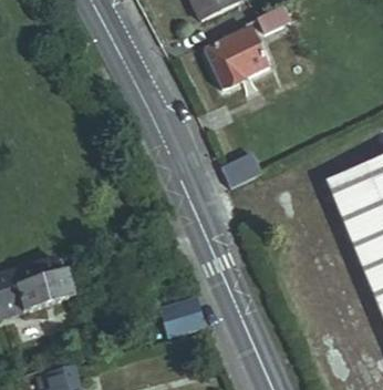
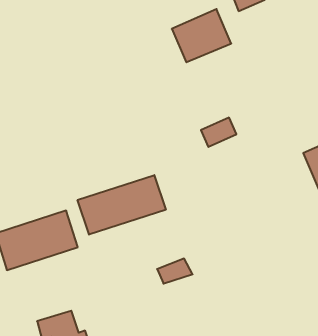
building: none -> [78,175,166,235]

